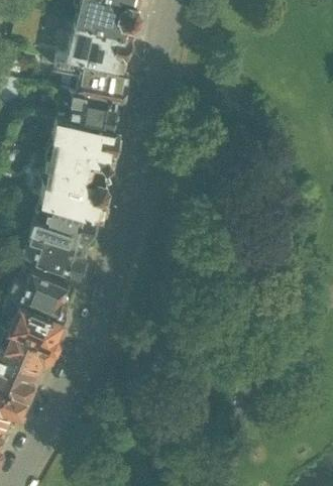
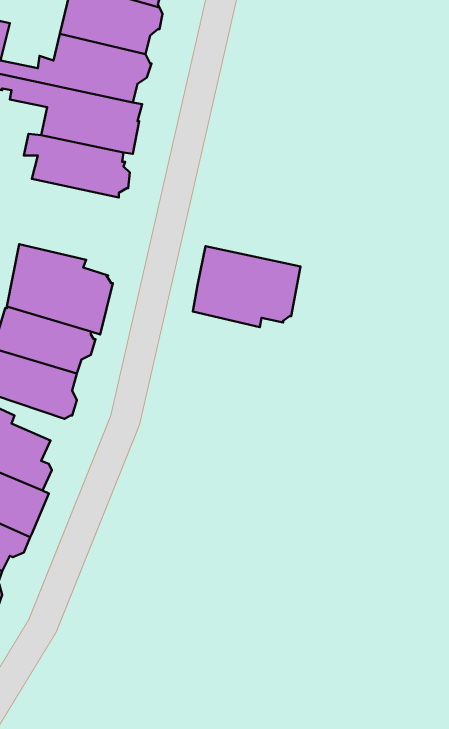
building: [47,117,117,169] -> [193,246,300,327]

